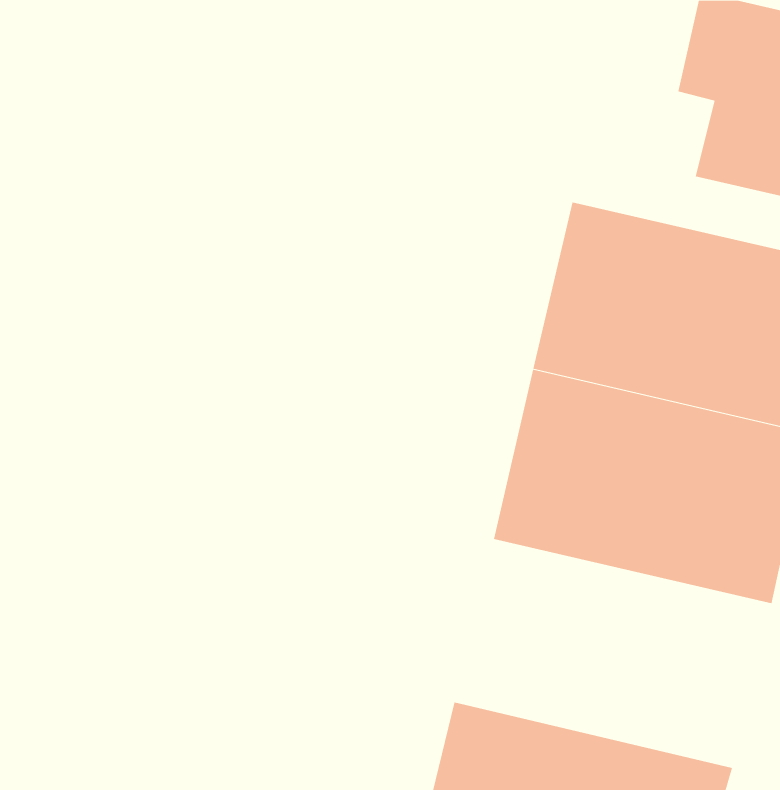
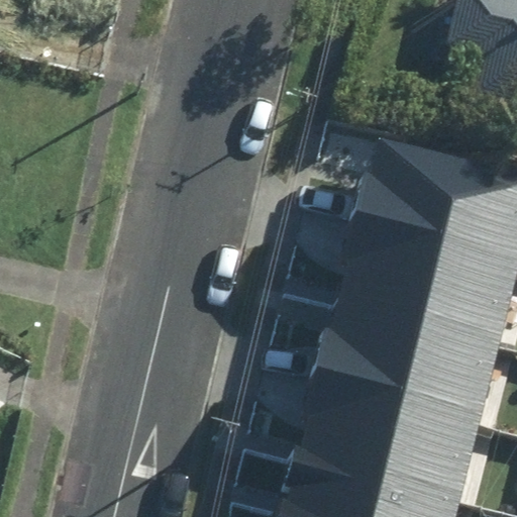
building: none -> [307,355,511,502]

